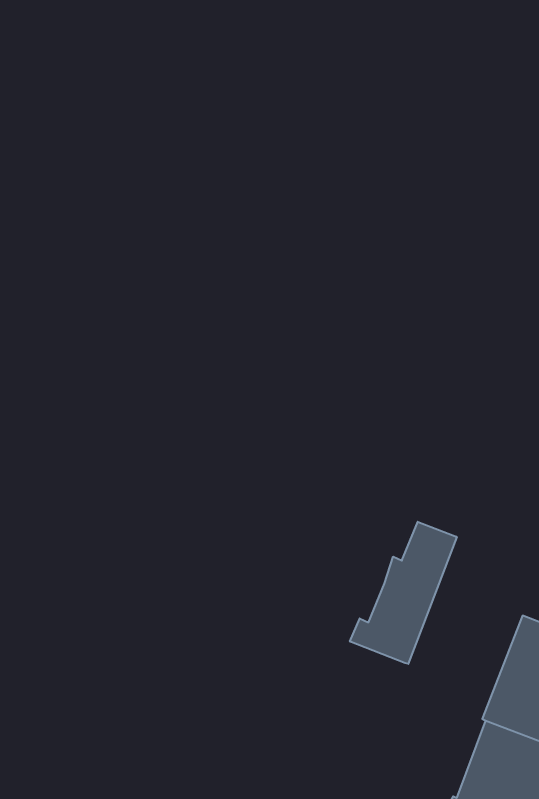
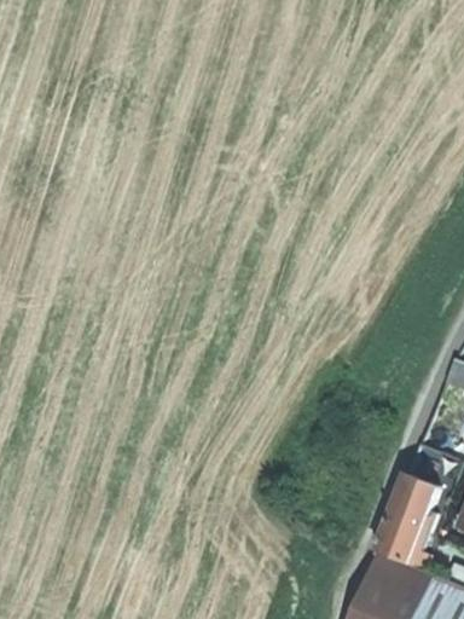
building: [350,522,457,664] -> none

